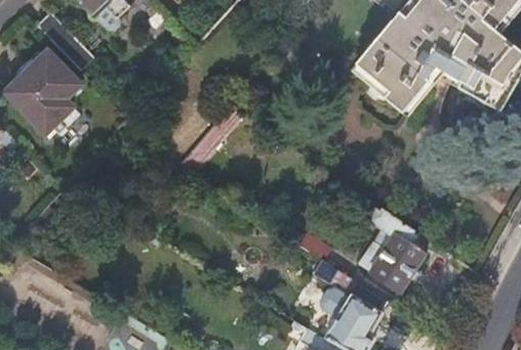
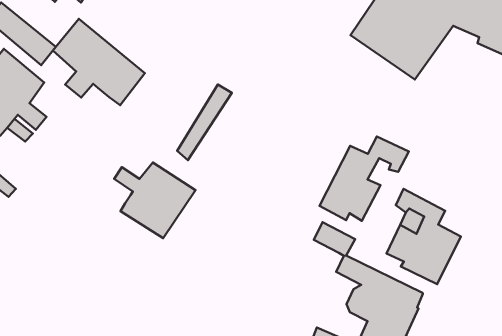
building: none -> [53,19,145,105]
building: none -> [319,136,409,221]
building: none -> [114,162,196,238]

